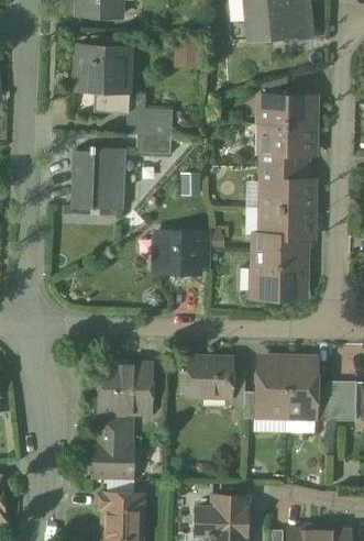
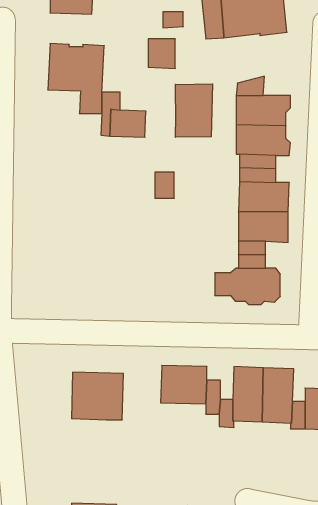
building: none -> [175,84,212,137]
building: [136,135,172,154] -> none
building: [73,146,123,208] -> none
building: [156,232,210,273] -> none
building: [92,410,134,481] -> none

